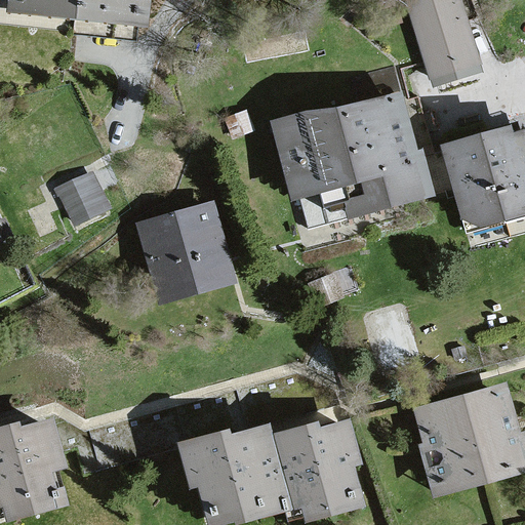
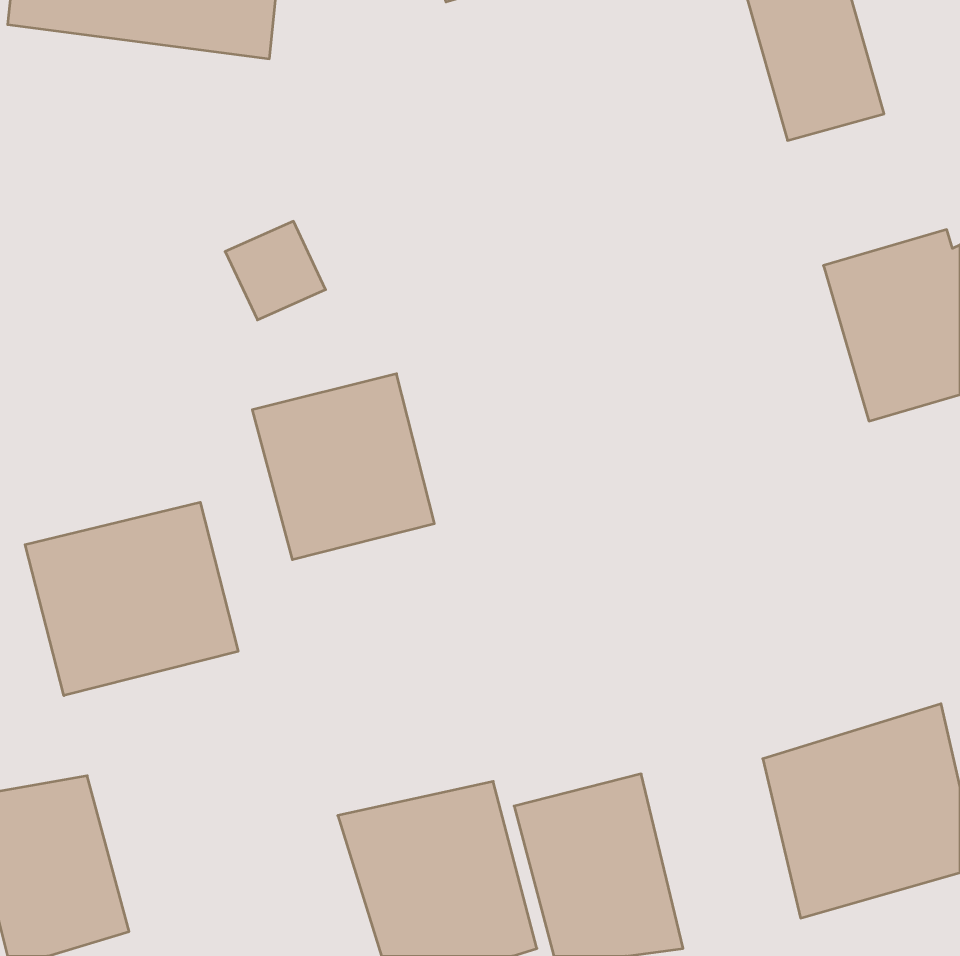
building: [274,85,437,230] -> none
building: [54,167,109,220] -> [225,221,326,320]
building: none -> [25,502,238,696]

